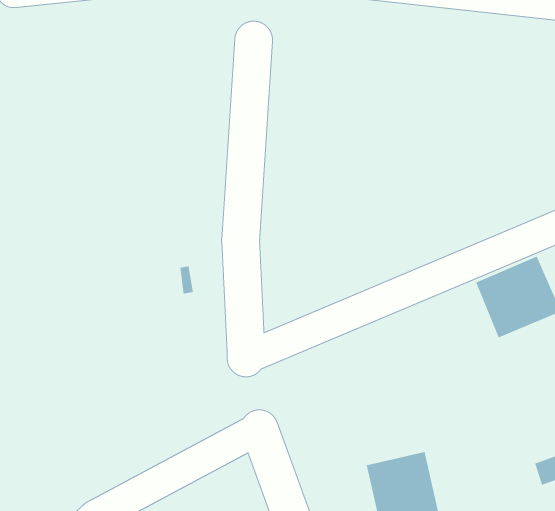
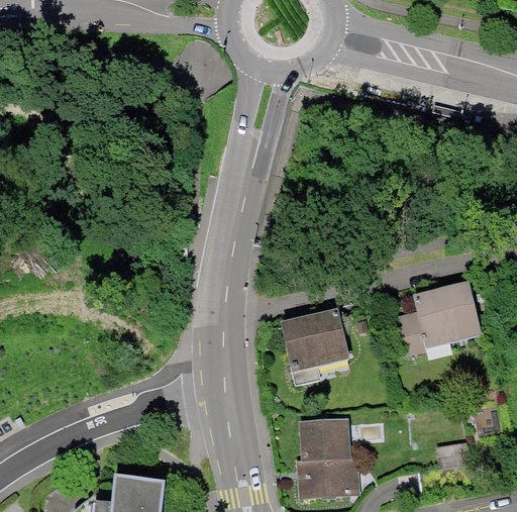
building: none -> [281,306,346,371]

